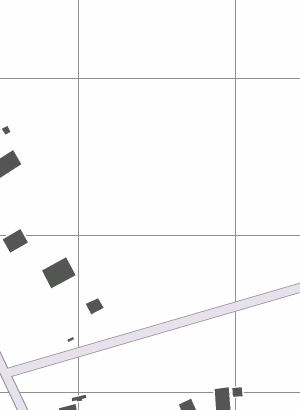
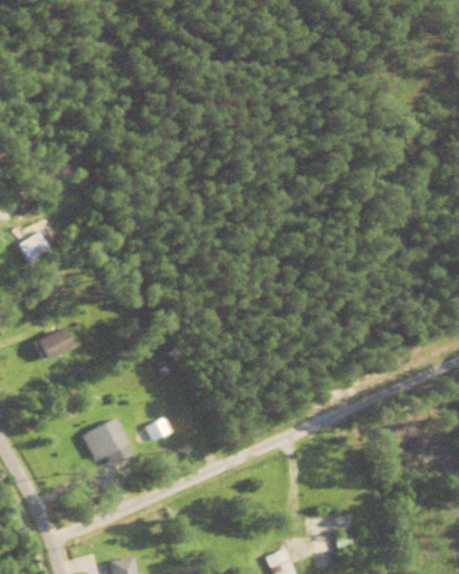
building: [41,256,77,289] -> [81,418,128,462]

